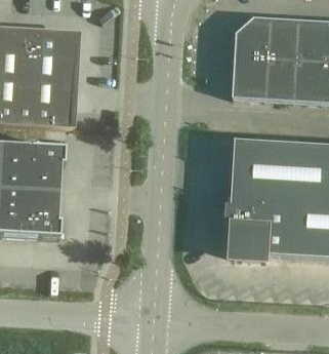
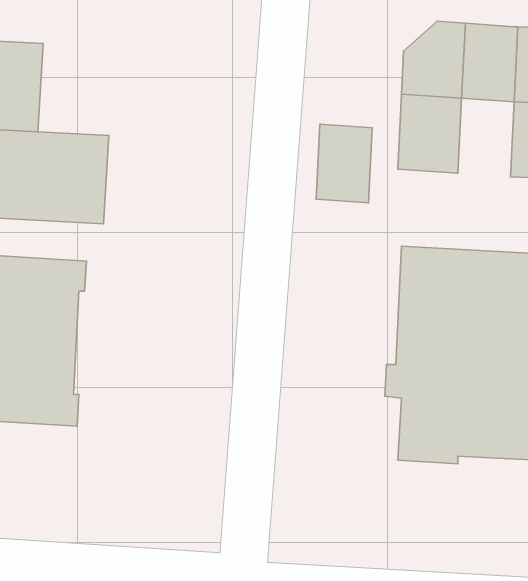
building: [37,28,78,78] -> none
building: [266,57,297,101] -> [316,124,372,203]

